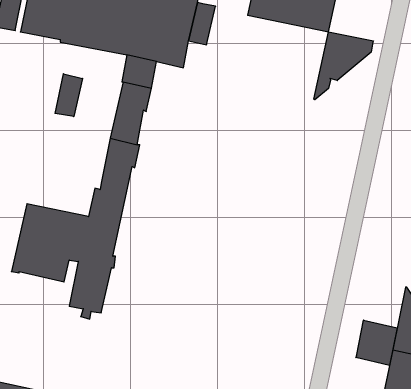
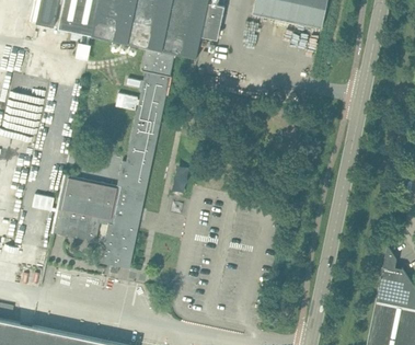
building: [314,32,373,100] -> none
building: [55,74,83,117] -> none
building: [356,320,397,365] -> none

